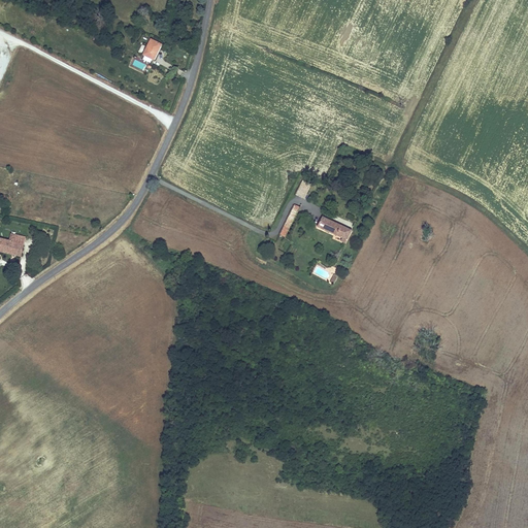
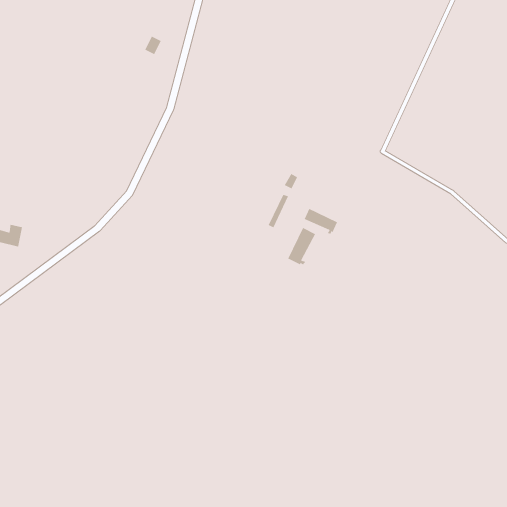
building: none -> [288,227,316,265]

